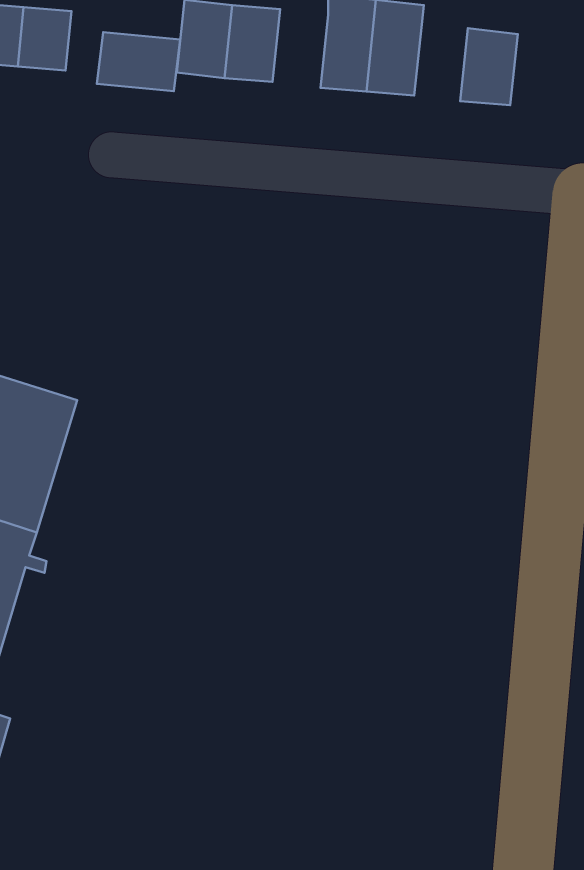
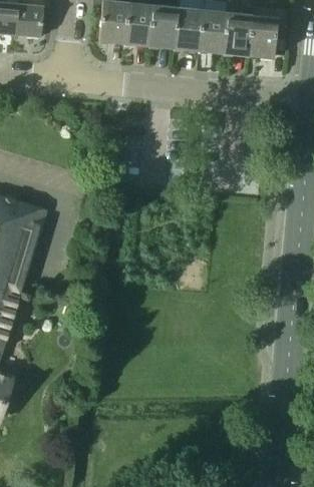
building: none -> [147,6,177,47]
building: none -> [222,14,250,54]
building: [97,32,180,91] -> none

